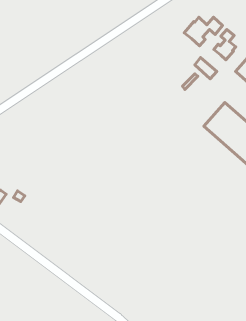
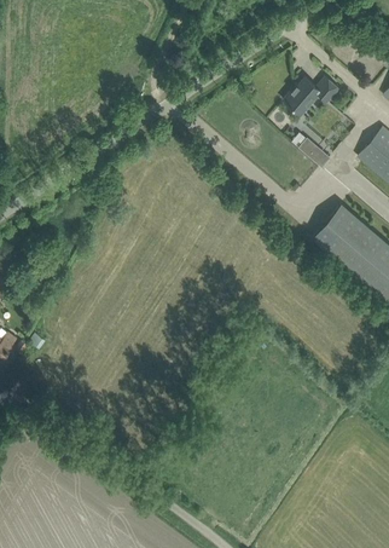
building: [214,29,236,60] -> none

